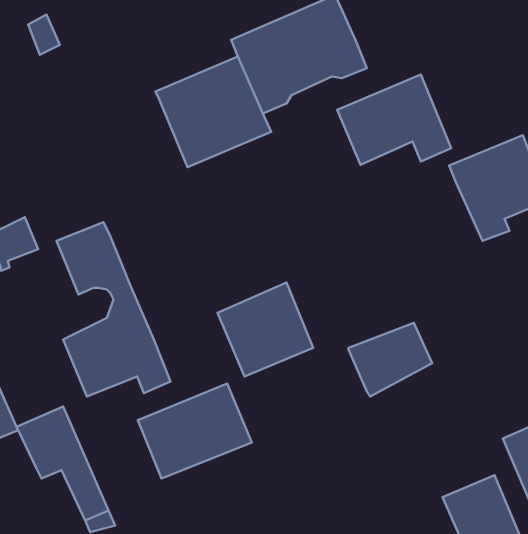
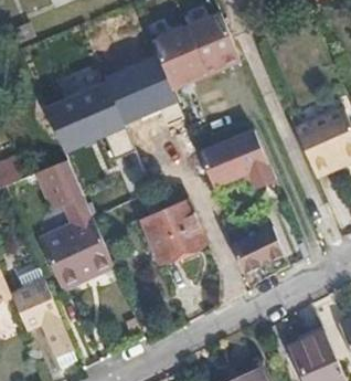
building: [337,74,451,165] -> [199,130,274,190]
building: none -> [43,80,126,155]
building: [138,384,252,478] -> none

